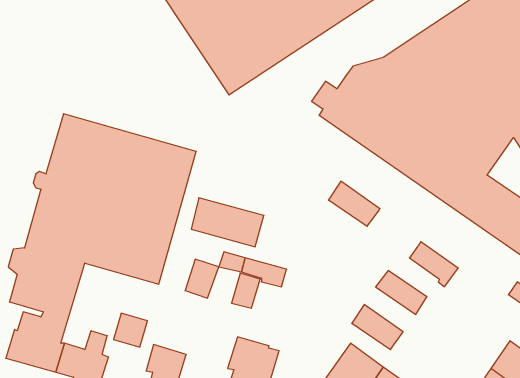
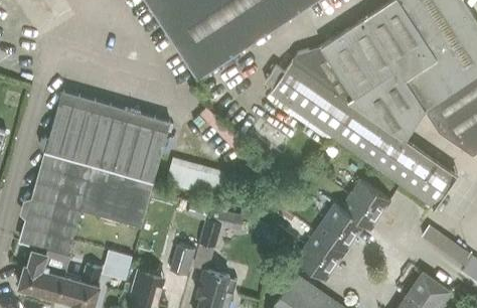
building: [328,181,380,226] -> [324,203,365,240]
building: none -> [350,181,390,216]
building: [185,259,219,298] -> [169,247,196,278]
building: none -> [305,232,346,268]

